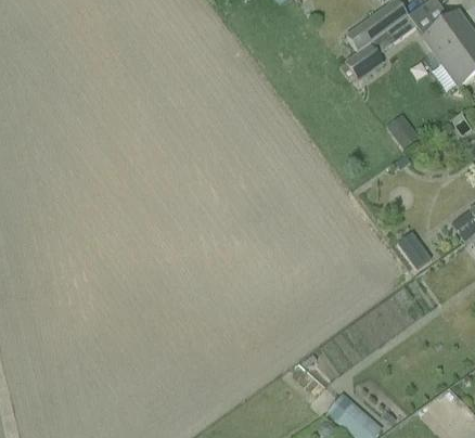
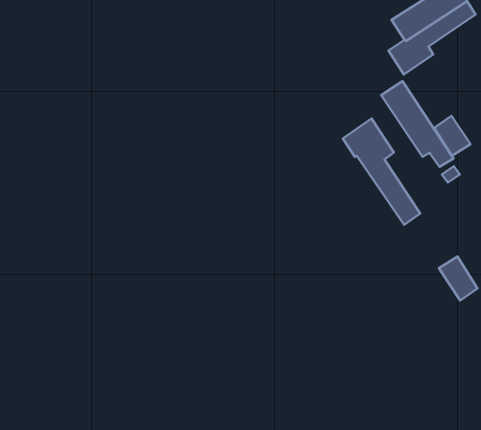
building: none -> [381,81,454,167]
building: none -> [343,118,420,225]

